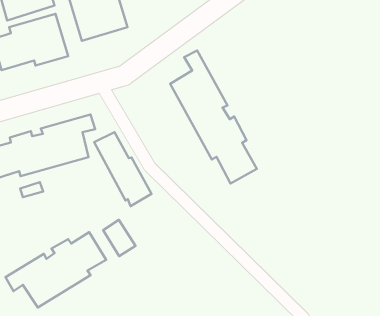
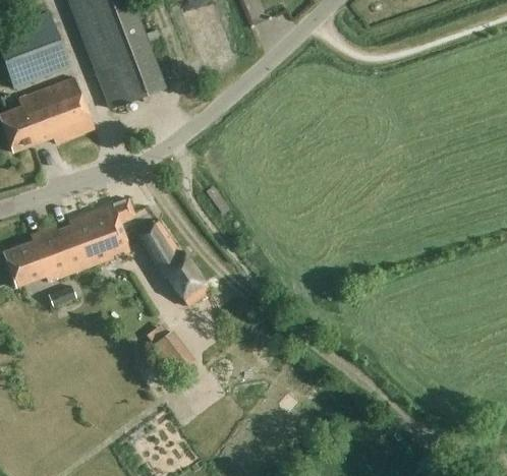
building: [170,50,257,183] -> none
building: [6,232,106,308] -> none

